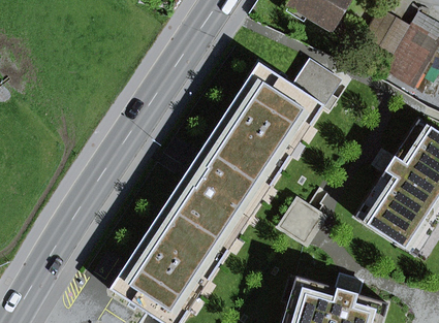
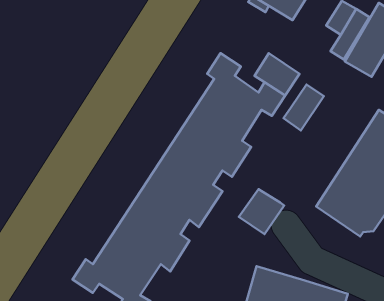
building: none -> [283,85,324,130]

